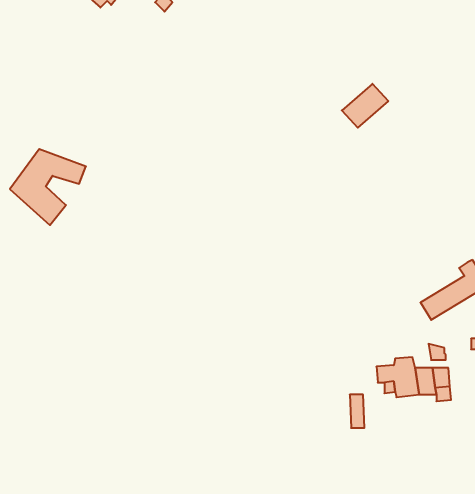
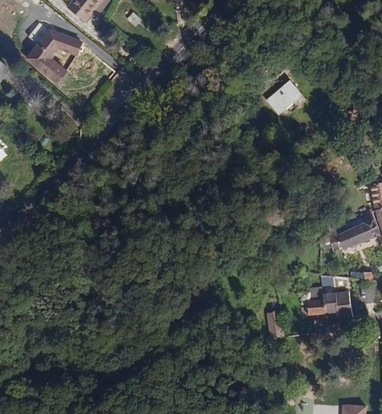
building: [10,149,86,225] -> [25,30,82,87]

